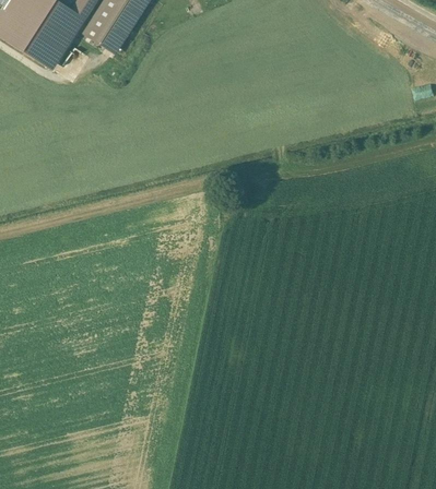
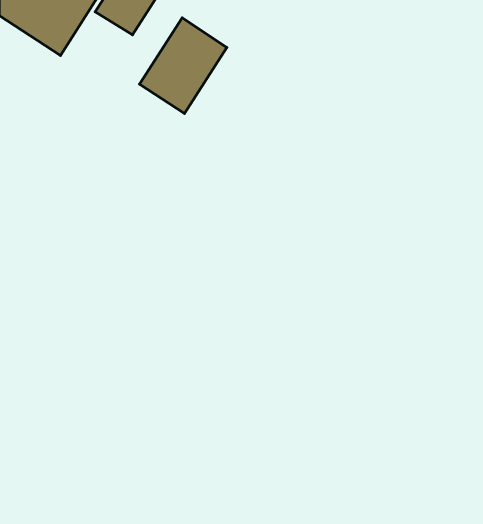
building: none -> [140,18,227,114]

